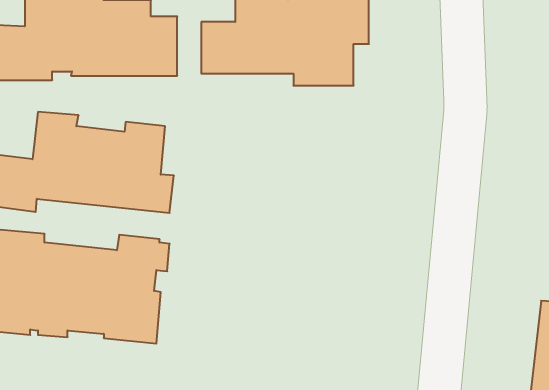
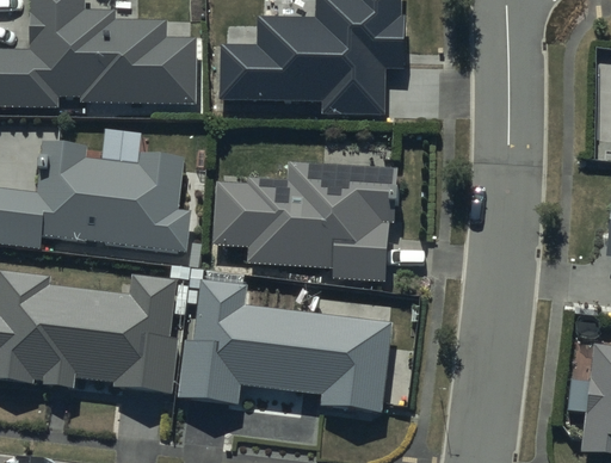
building: none -> [212,161,399,280]
building: none -> [180,272,389,410]

